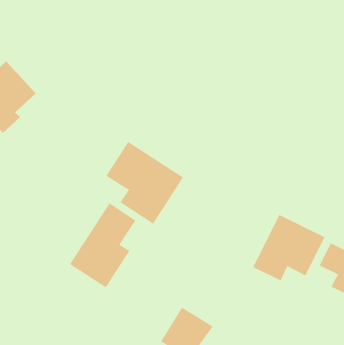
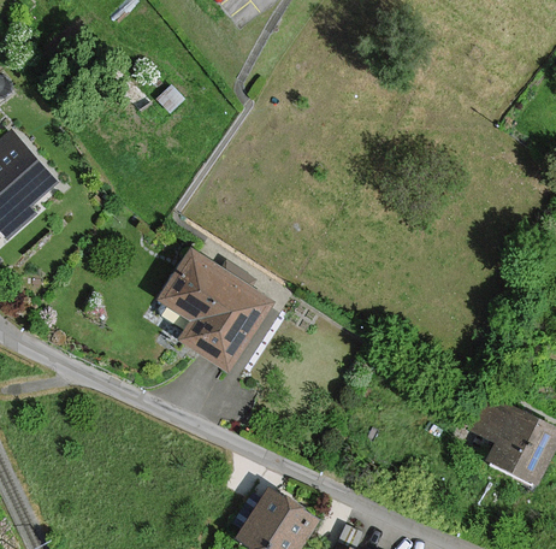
building: [69,203,136,288] -> none
building: [253,214,325,281] -> none

